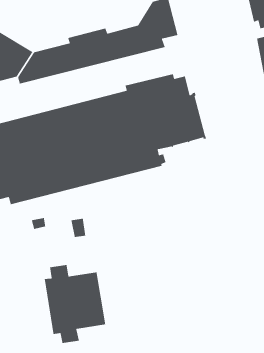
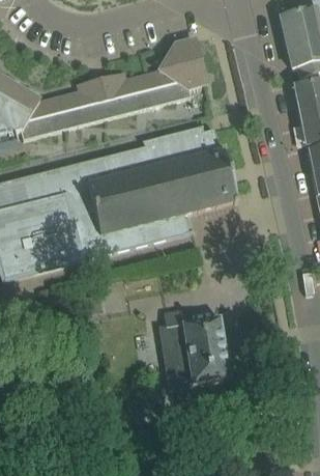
building: [44,264,106,344] -> [158,309,230,400]

